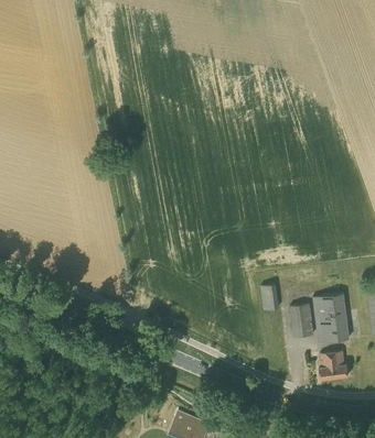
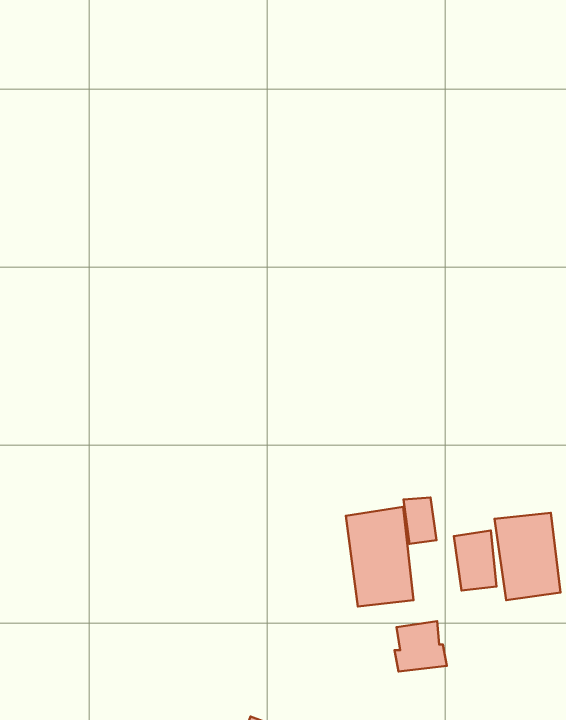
building: none -> [346,507,414,606]
building: [317,351,346,380] -> [394,621,447,672]

